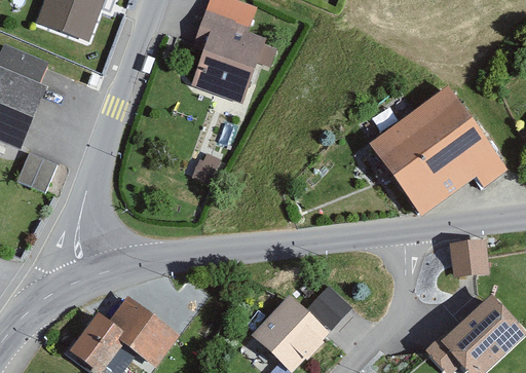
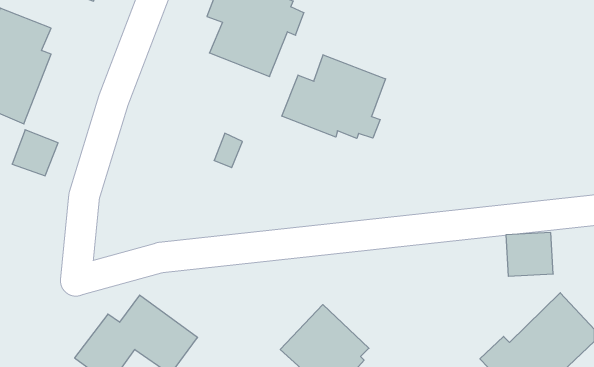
building: none -> [282,55,386,138]
building: [368,89,508,220] -> none
building: [304,288,350,334] -> none

